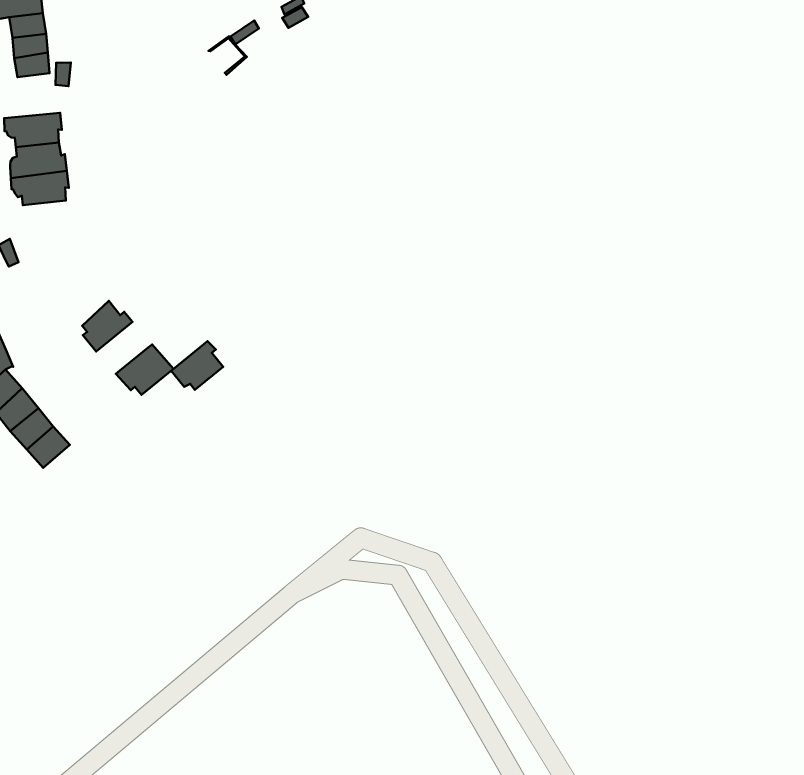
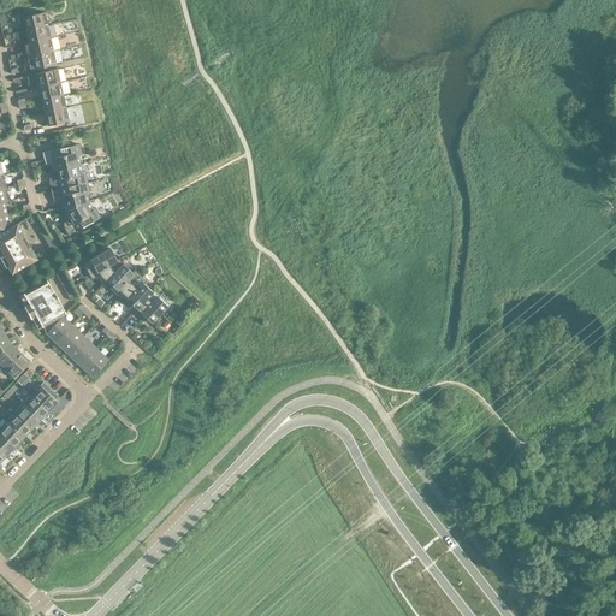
building: none -> [60,201,101,236]
building: none -> [83,248,123,285]
building: [171,341,223,390] -> [118,276,152,308]

